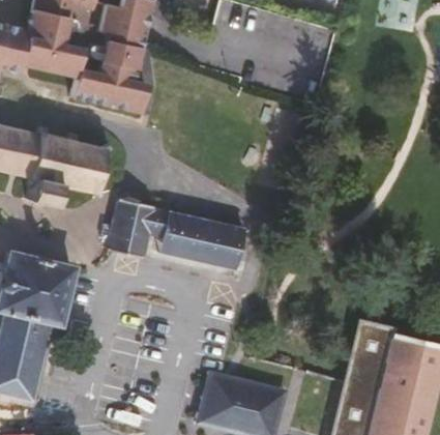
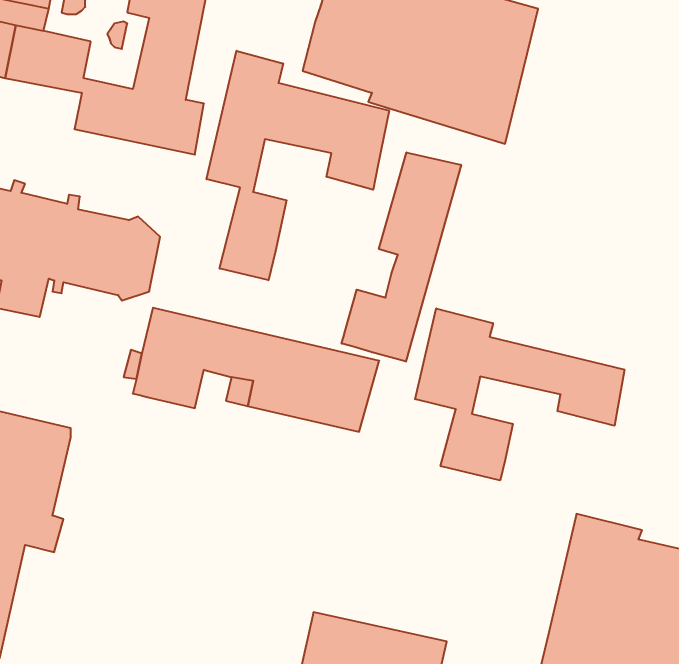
building: none -> [207,51,389,280]
building: none -> [342,152,461,362]
building: none -> [415,308,624,480]

